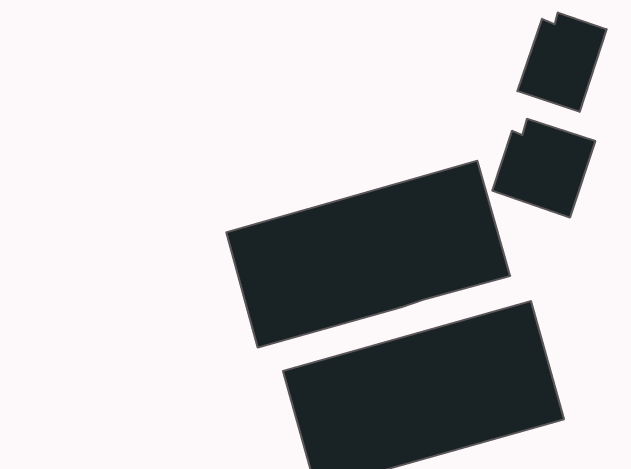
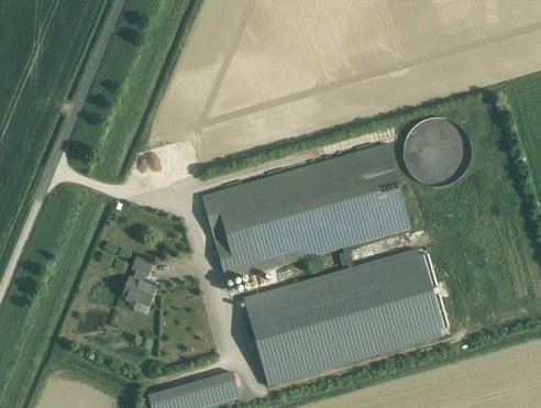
building: [517,12,607,112] -> none
building: none -> [122,256,156,306]

